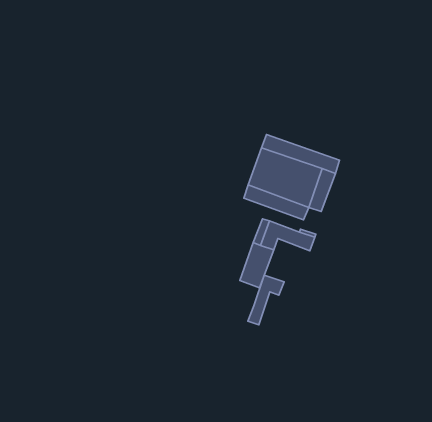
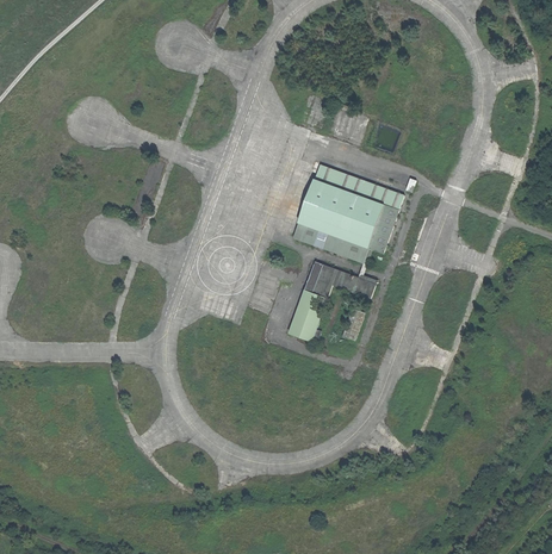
building: [248,275,284,325] -> none

